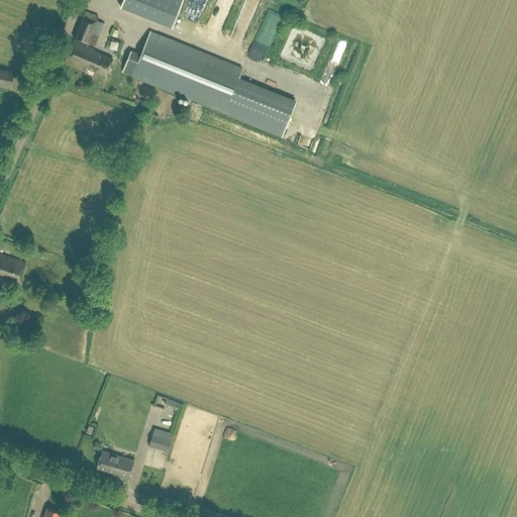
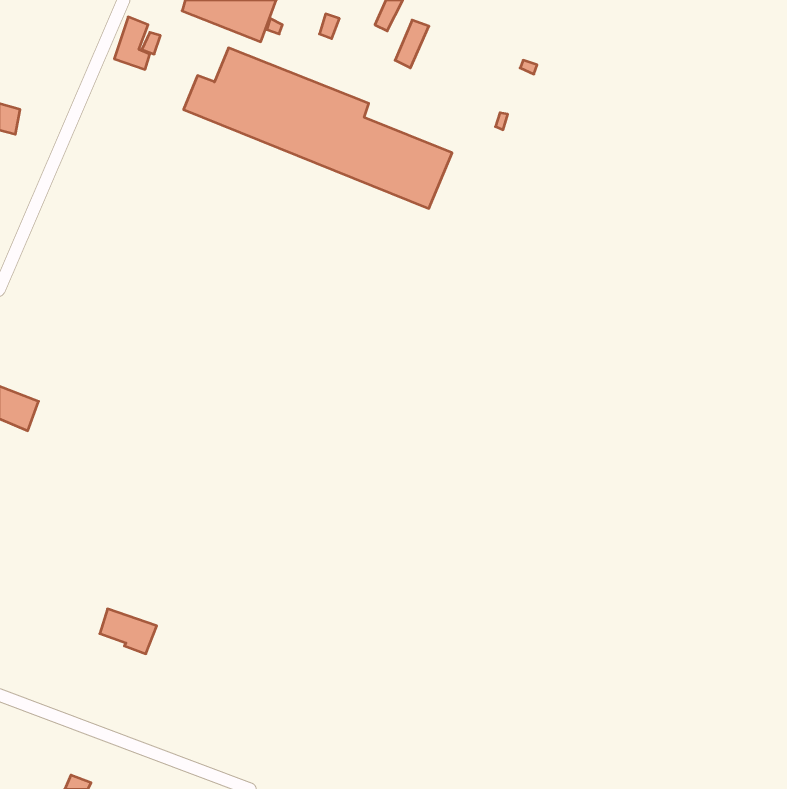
building: [64,40,112,75] -> none
building: [148,427,173,451] -> none
building: [96,450,133,480] -> [100,609,157,654]

